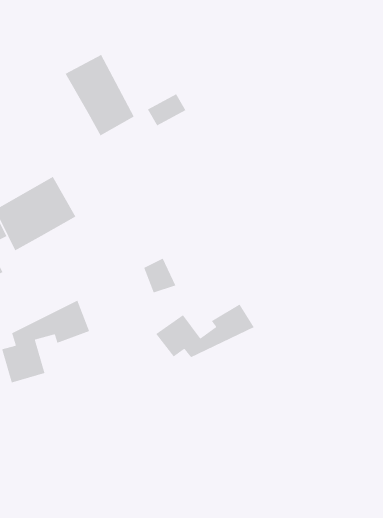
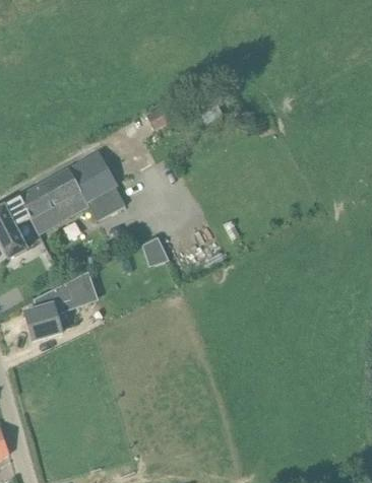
building: [64,54,135,136] -> [67,153,125,221]
building: [155,303,255,358] -> none

